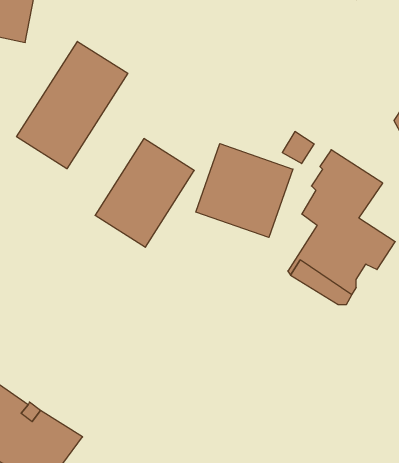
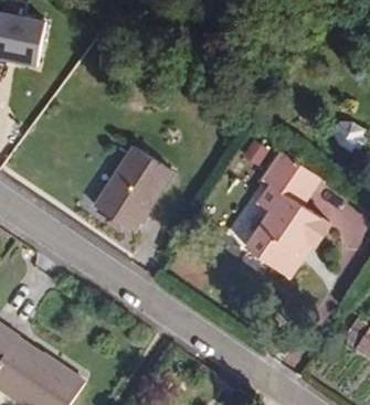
building: [17,41,128,169] -> none
building: [196,144,293,237] -> none

